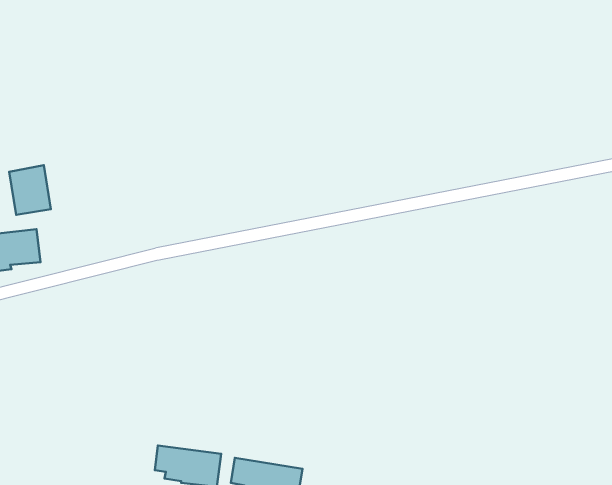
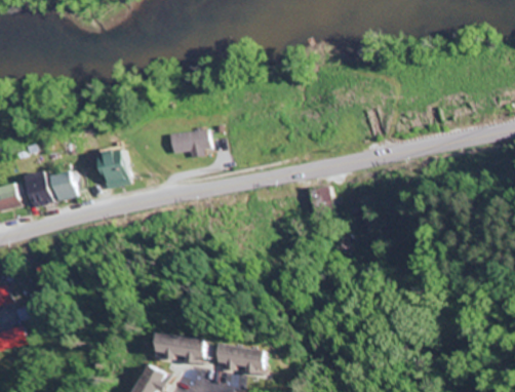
building: [9,165,51,215] -> [102,149,132,186]
building: none -> [162,130,203,157]

